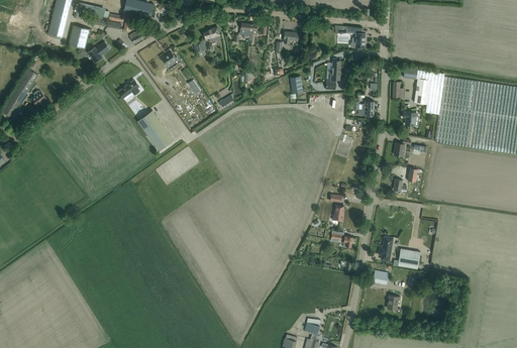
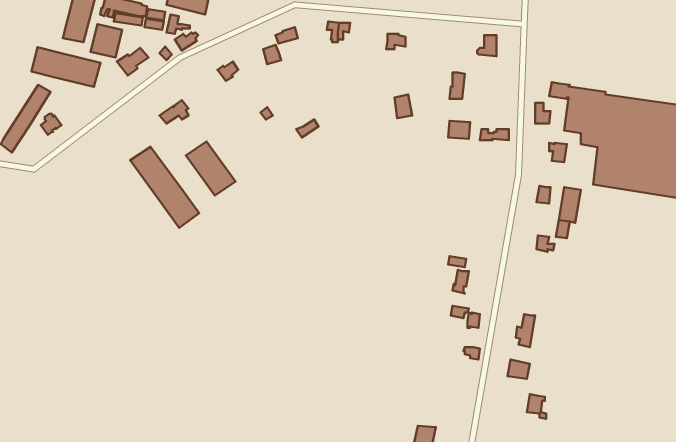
building: none -> [32,47,101,87]
building: none -> [130,147,199,228]
building: [398,248,420,269] -> none

